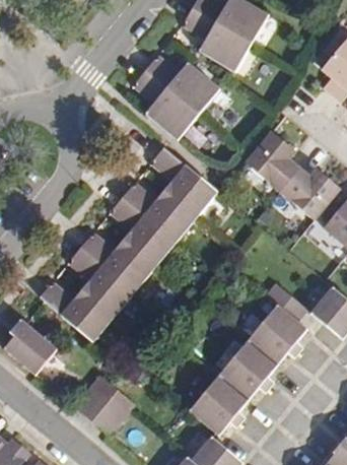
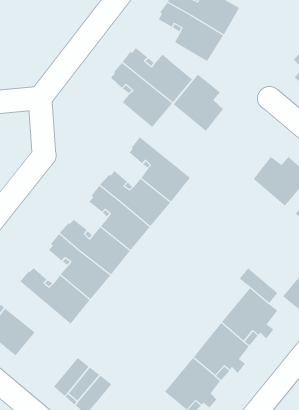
building: [246,131,298,191] -> [173,74,224,132]

